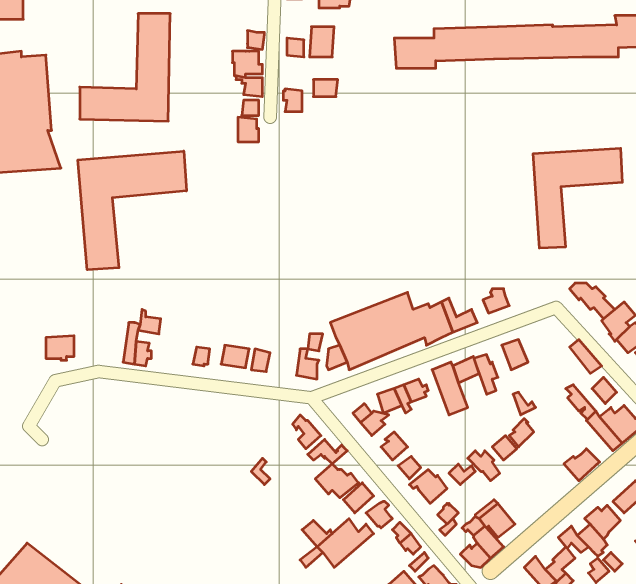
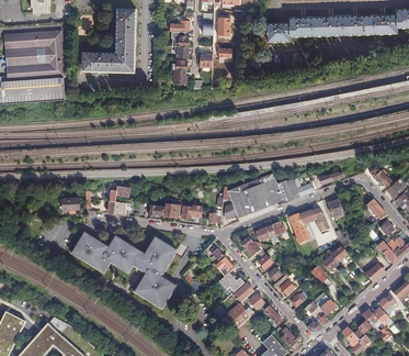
building: [533,148,622,248] -> none
building: [78,151,186,270] -> none
building: none -> [70,231,177,308]

